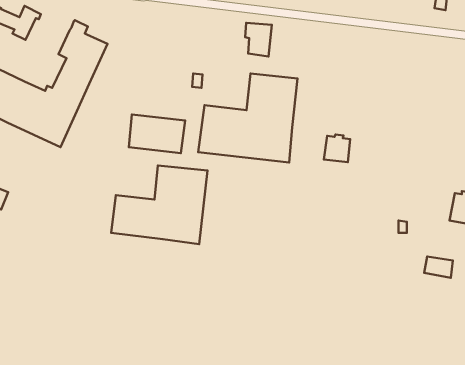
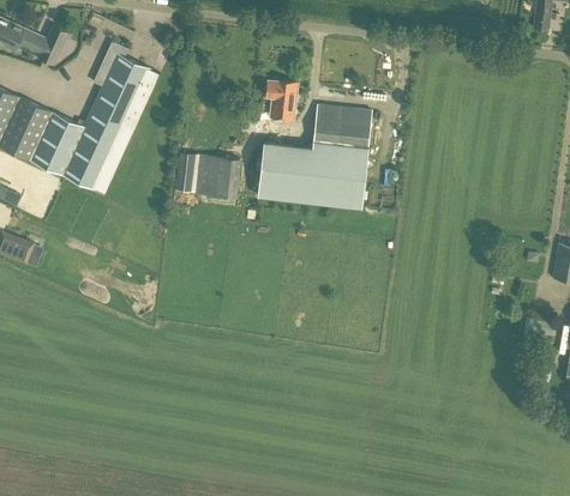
building: [245,23,272,57] -> [265,80,296,120]
building: [324,134,350,162] -> none
building: [111,166,208,244] -> none

